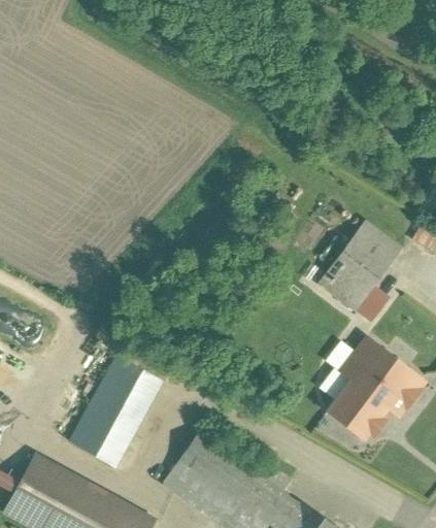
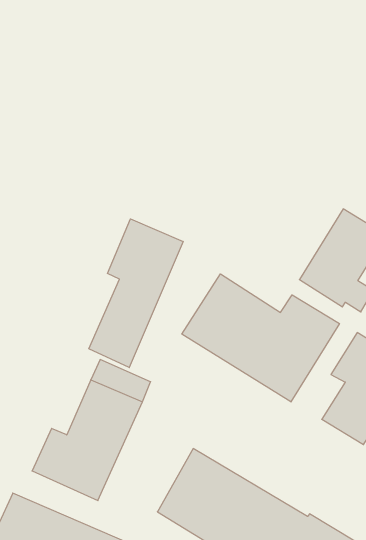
building: none -> [89,219,183,368]
building: none -> [182,274,339,402]

